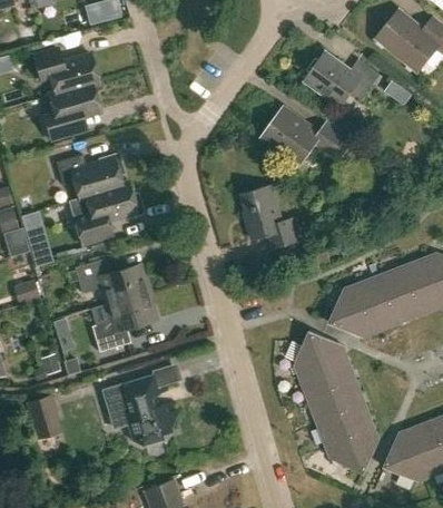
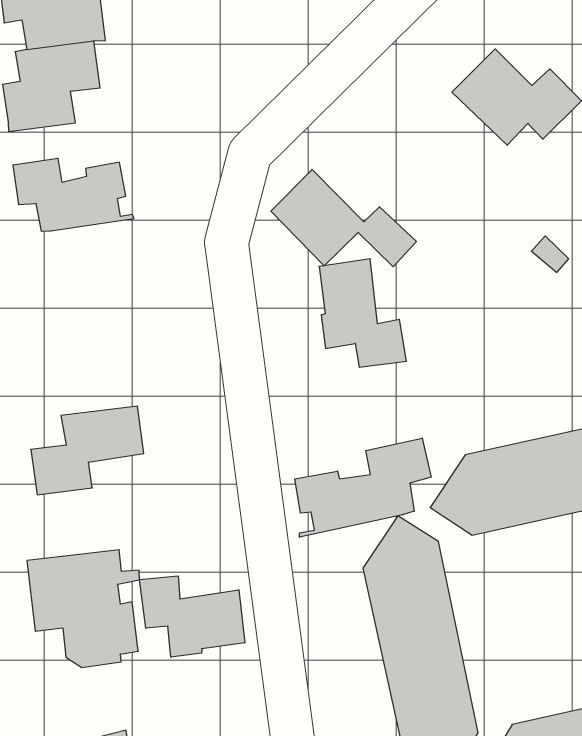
building: [264,108,351,163] -> [271,169,416,267]
building: [68,182,145,246] -> none
building: [76,256,150,302] -> none
building: none -> [295,438,431,537]
building: none -> [140,576,245,657]

